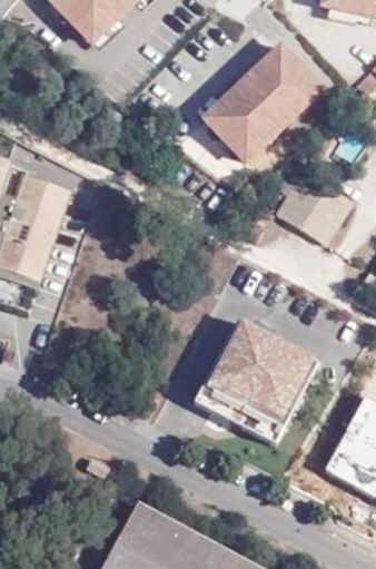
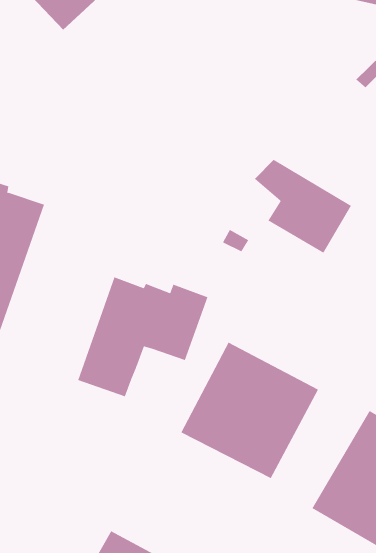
building: [208,49,325,165] -> none
building: none -> [78,277,208,397]

